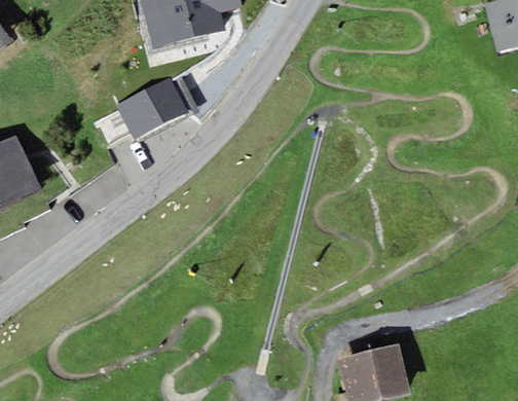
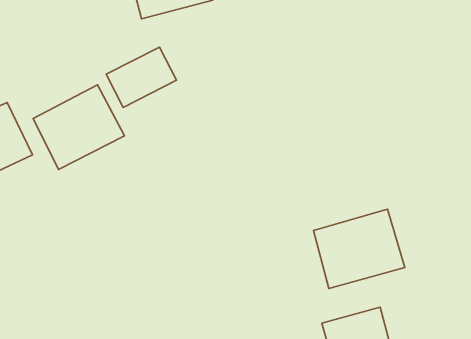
building: none -> [33,85,125,169]
building: none -> [314,209,405,289]

